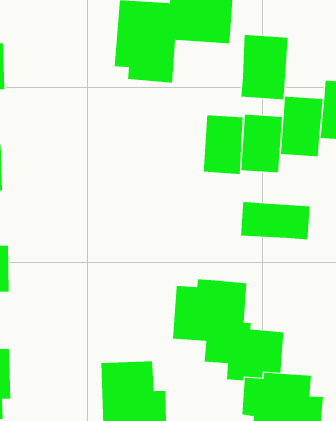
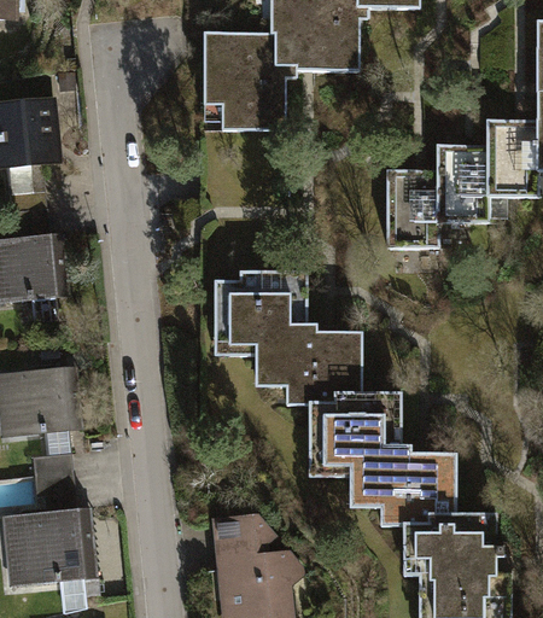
building: [241,34,288,100] -> none
building: [203,114,243,175] -> none
building: none -> [214,276,361,409]
building: [240,201,310,240] -> none

